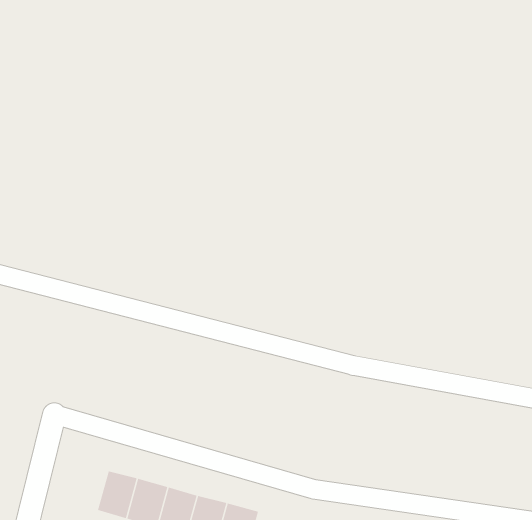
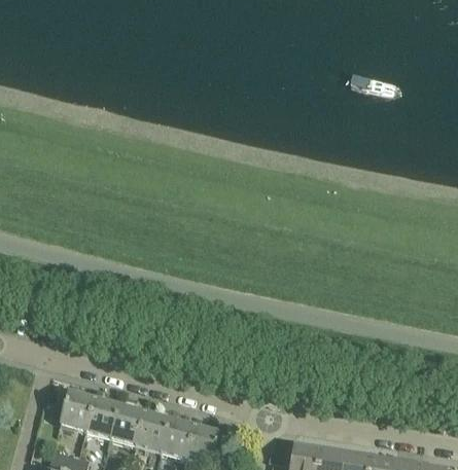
building: none -> [60,390,95,430]

